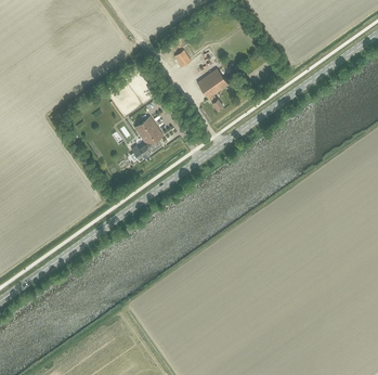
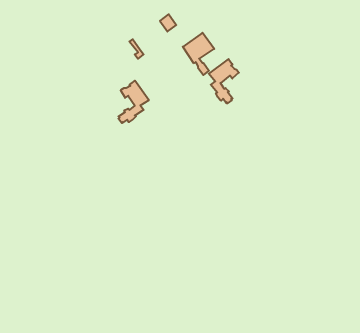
building: none -> [209,59,239,103]

